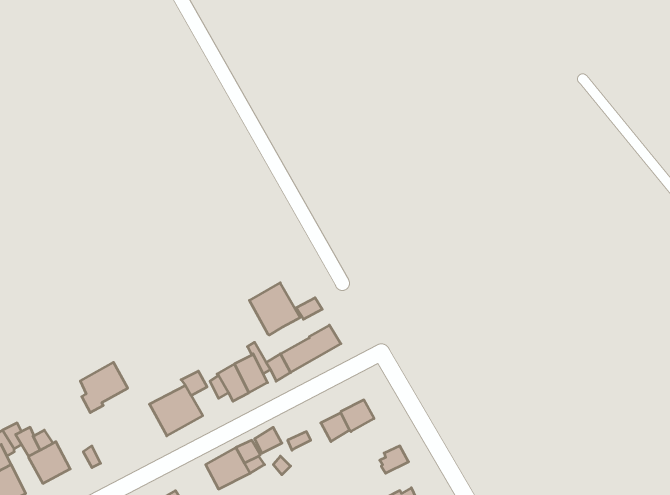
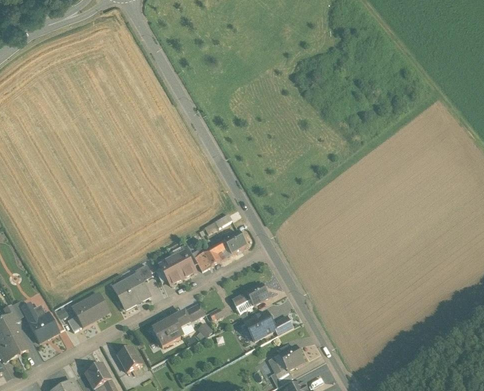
building: [249,283,300,335] -> none
building: [80,362,128,413] -> [76,292,109,327]
building: none -> [245,312,276,341]

